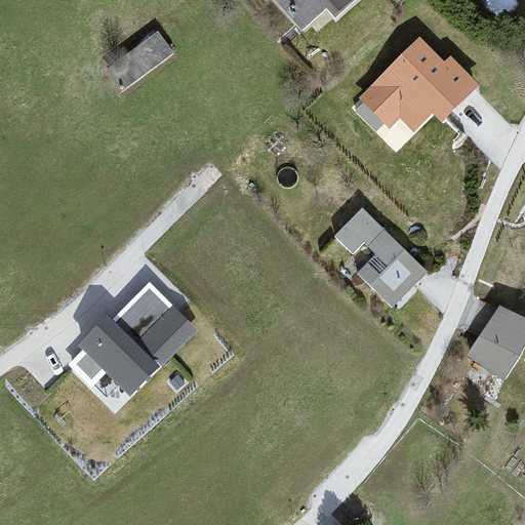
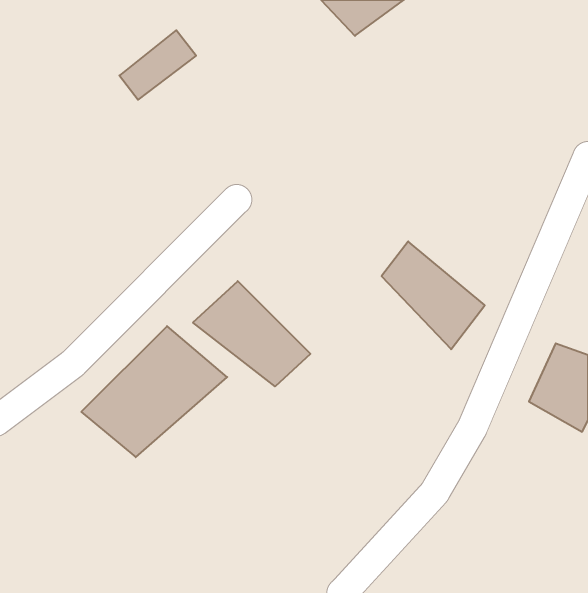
building: [349,28,477,130] -> none
building: none -> [193,281,310,386]

